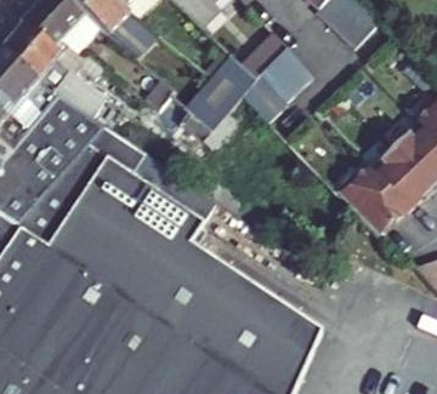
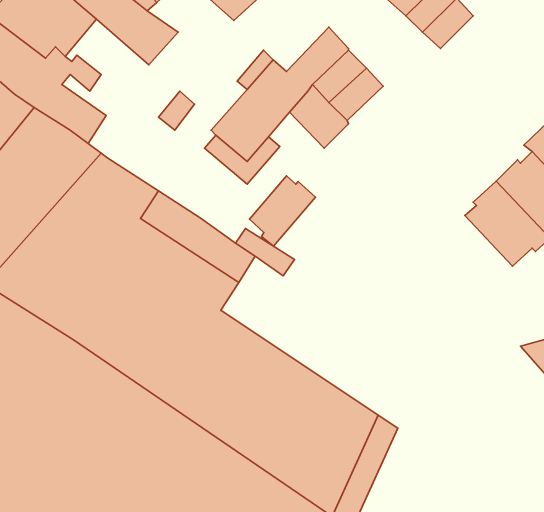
building: none -> [249,176,315,246]
building: [336,162,407,232] -> none

